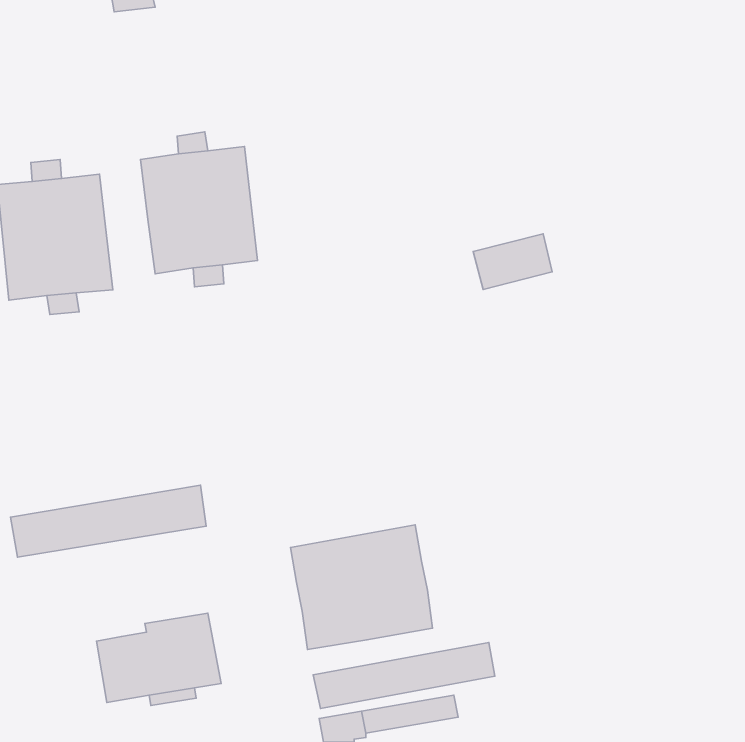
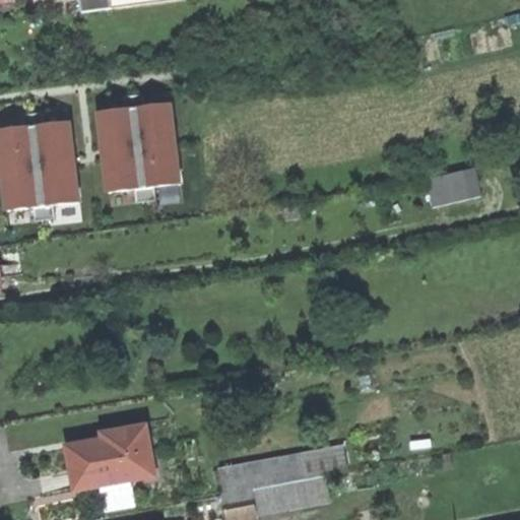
building: [473,234,552,289] -> [424,166,478,204]
building: [11,485,206,557] -> none
building: [290,525,433,649] -> none

